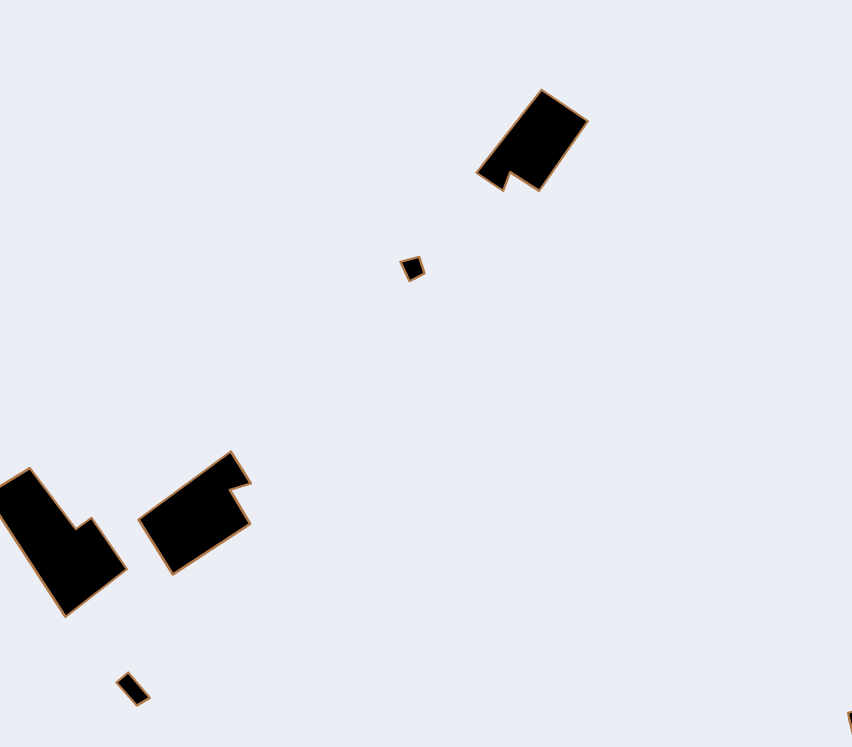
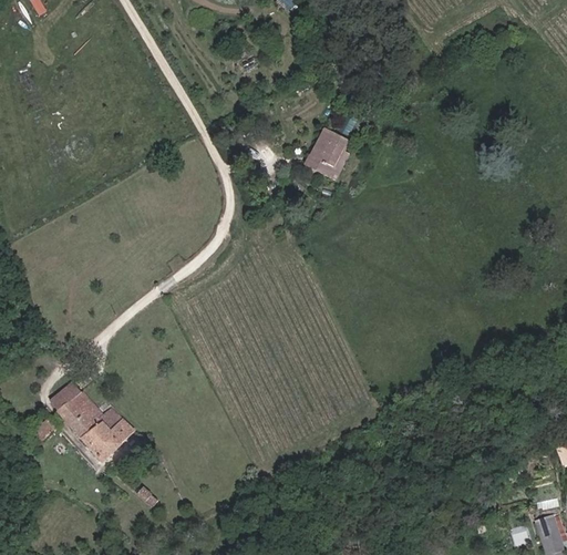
building: [138,452,251,574] -> none

